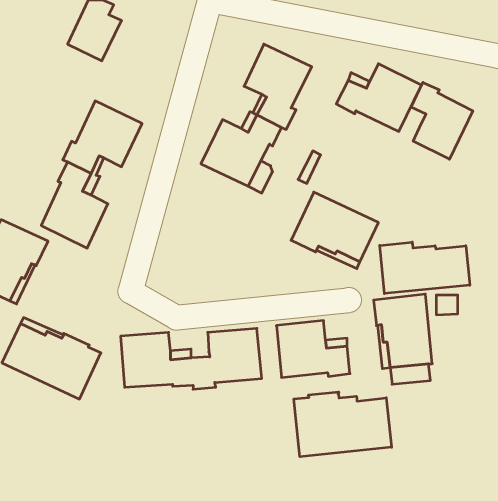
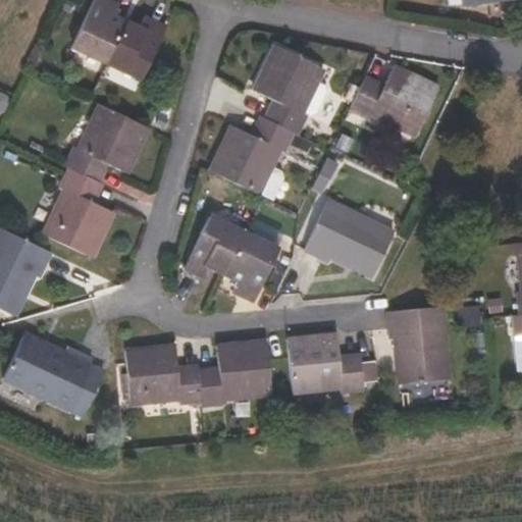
building: none -> [106,17,166,81]
building: [411,82,473,159] -> none
building: none -> [185,216,279,301]
building: [380,242,470,294] -> none
building: [294,392,392,457] -> none

